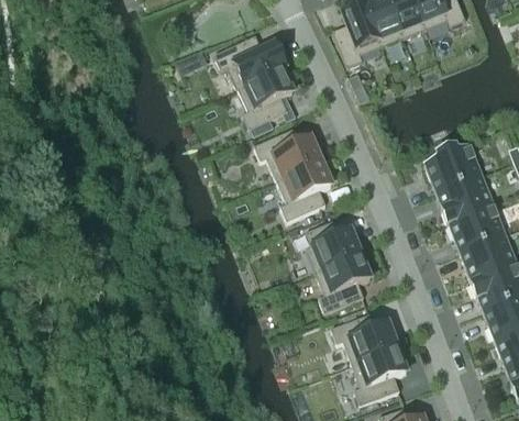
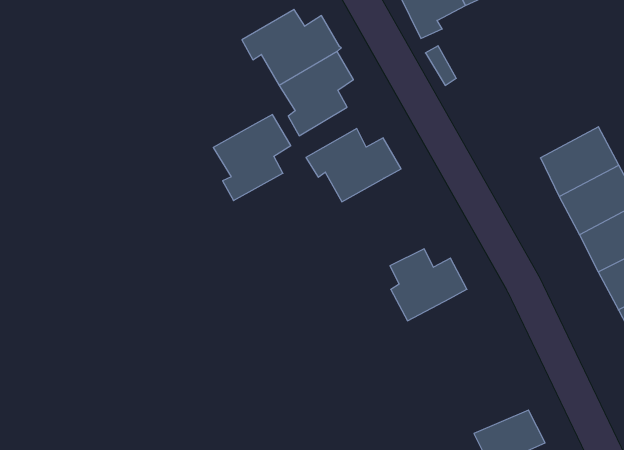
building: [276,159,333,220] -> [213,115,291,201]
building: [316,253,372,311] -> none
building: [331,312,398,359] -> none

